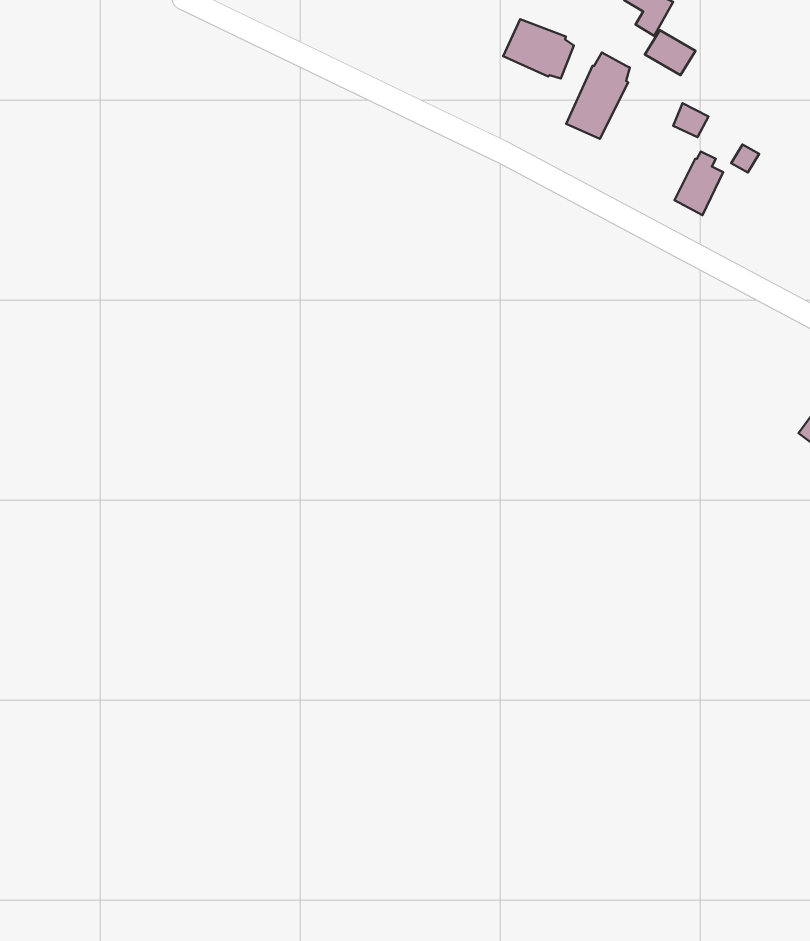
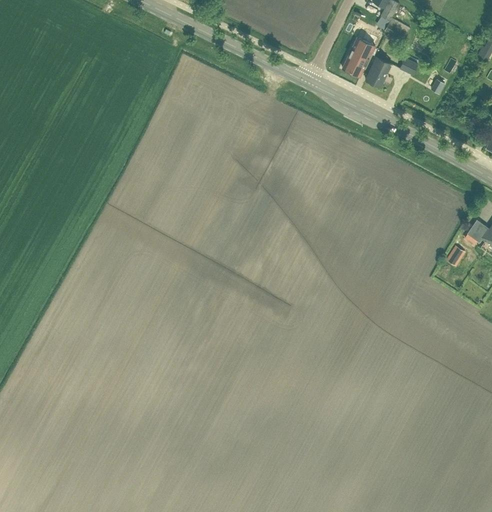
building: [503,19,574,78] -> none
building: [674,151,723,215] -> [365,54,391,88]

